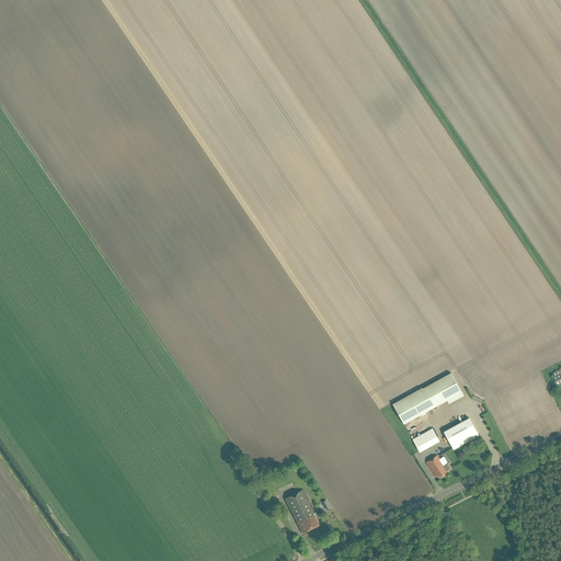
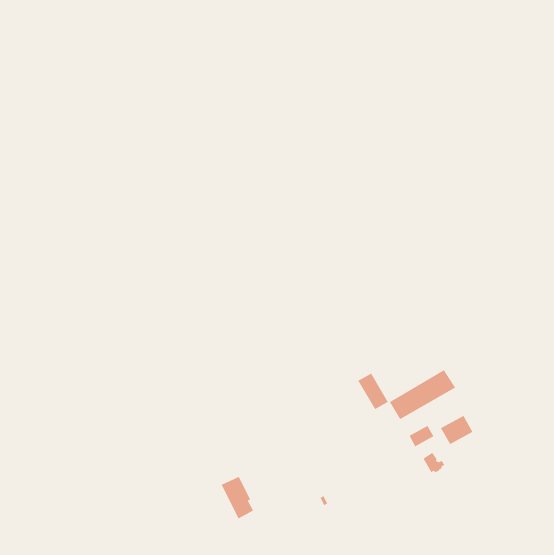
building: none -> [357,373,389,410]
building: [284,490,318,534] -> [221,476,254,519]

